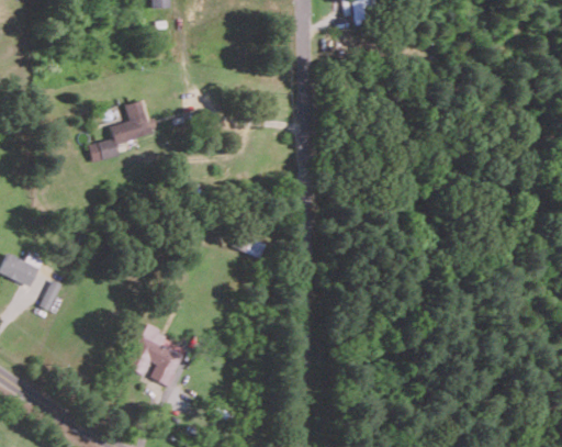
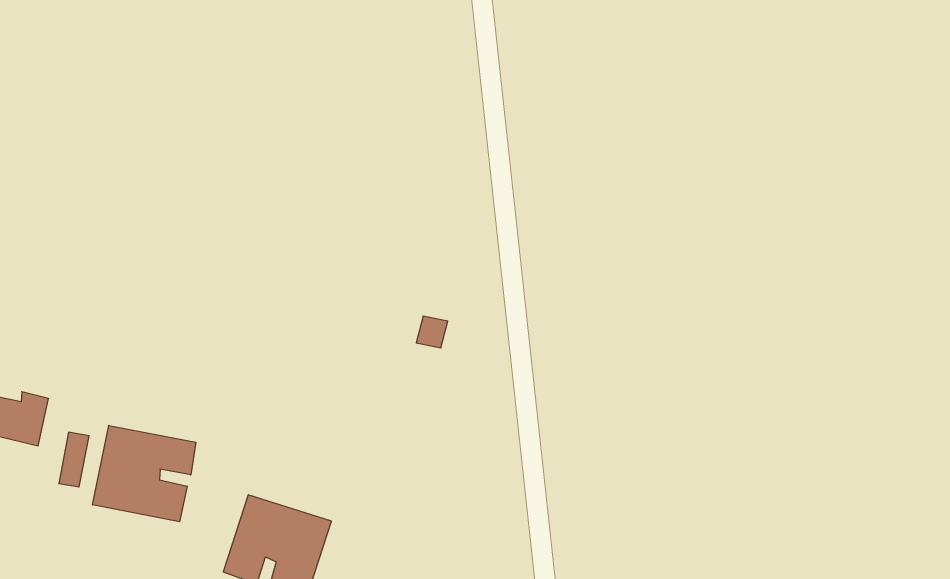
building: [87,100,154,163] -> none
building: none -> [93,425,196,522]

